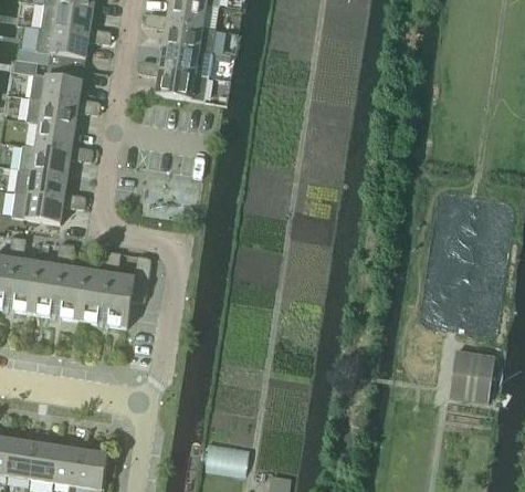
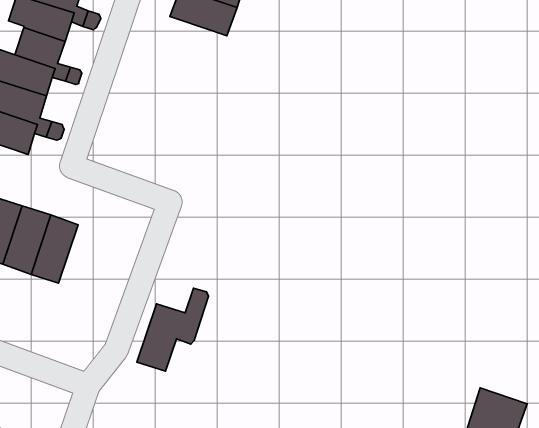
building: [102,255,150,326] -> [137,288,209,371]

